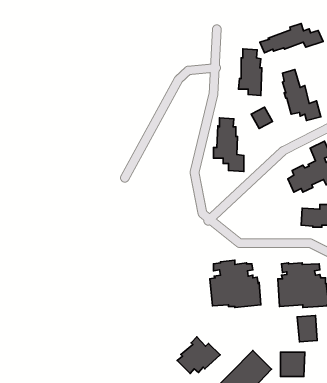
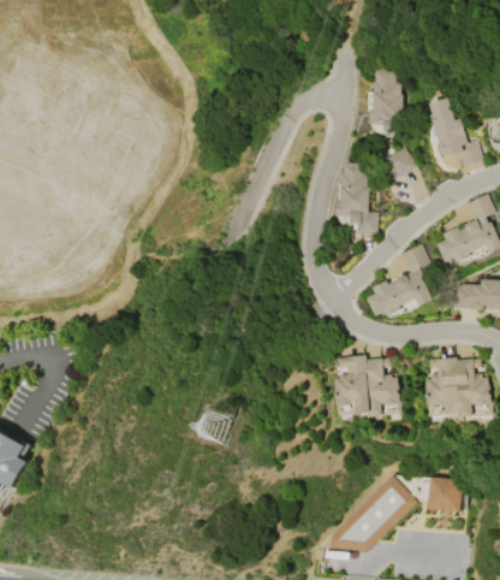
building: [260,23,323,53] -> none
building: none -> [365,244,431,318]
building: [297,316,317,342] -> none
building: [177,337,220,373] -> none

